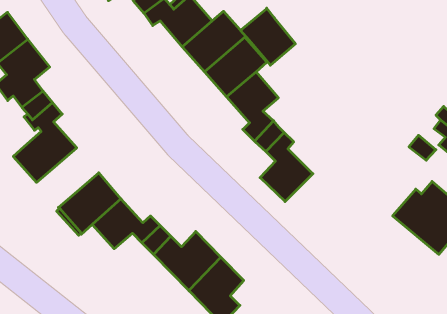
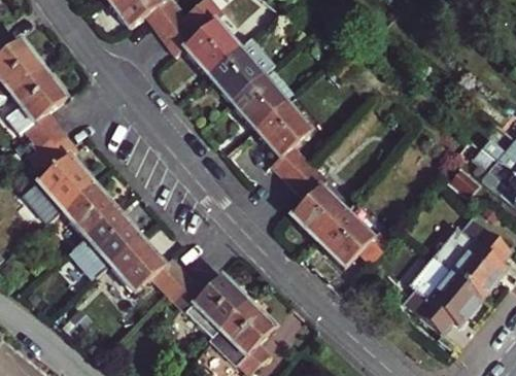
building: [241,8,295,65] -> none
building: none -> [63,183,117,237]
building: none -> [317,211,391,268]
building: none -> [405,257,482,334]

